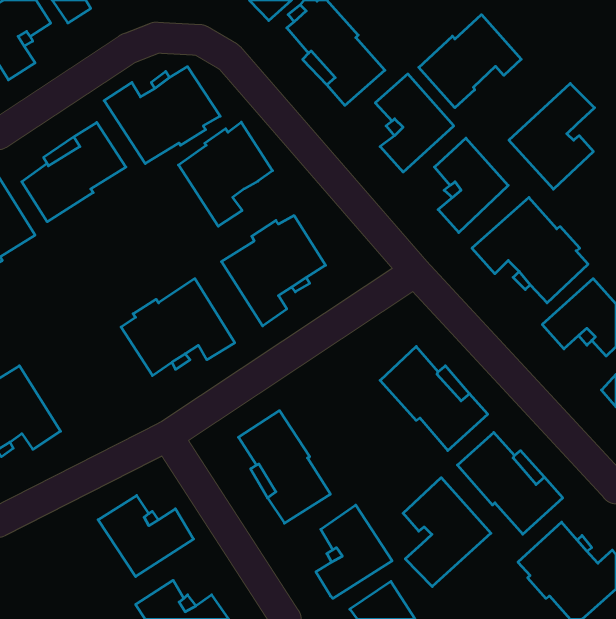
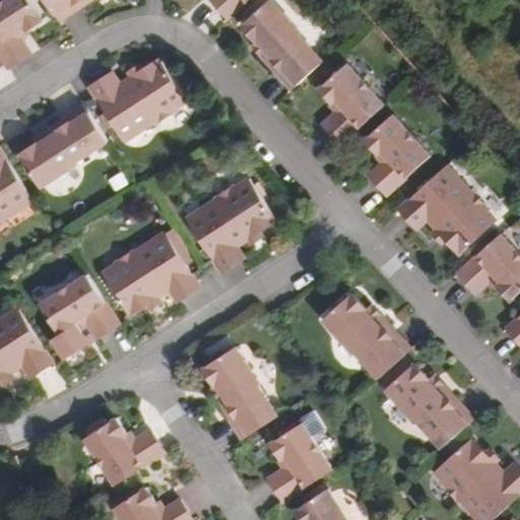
building: [419,15,521,108] -> none
building: [509,83,595,189] -> none
building: [178,122,273,226] -> none
building: none -> [40,273,117,355]
building: [403,478,491,587] -> none

